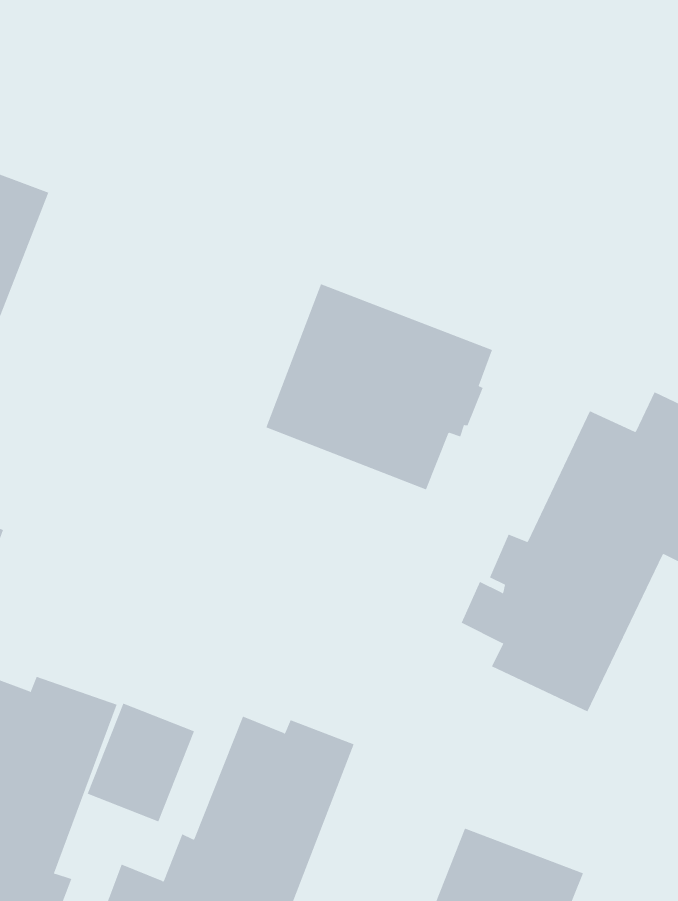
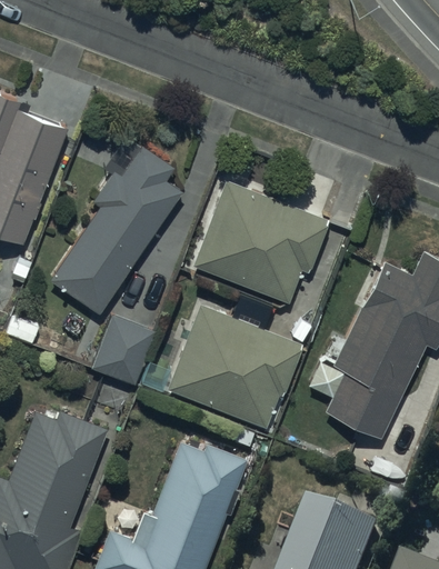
building: none -> [51,139,181,316]
building: none -> [168,307,301,429]
building: [87,703,195,822] -> [92,316,156,386]

